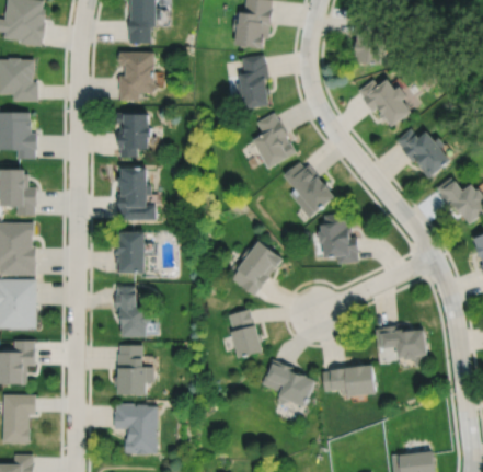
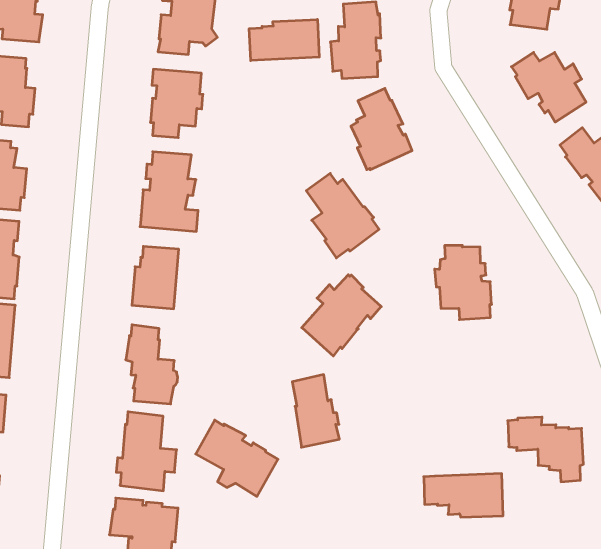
building: none -> [249,19,319,61]
building: [284,161,335,218] -> [306,173,379,258]
building: [261,359,317,408] -> [196,420,278,496]

